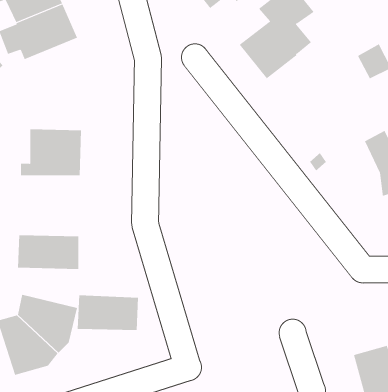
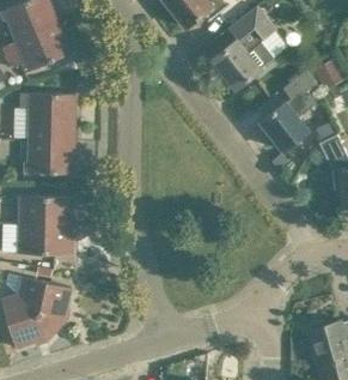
building: none -> [261,71,319,151]
building: none -> [20,94,77,134]
building: [77,295,139,331] -> [20,195,74,227]

